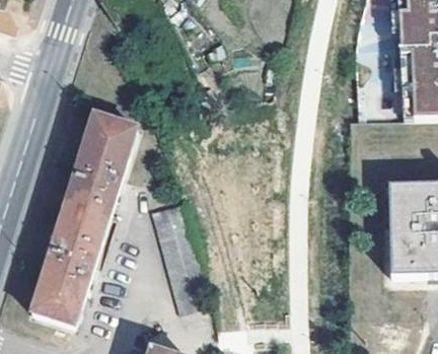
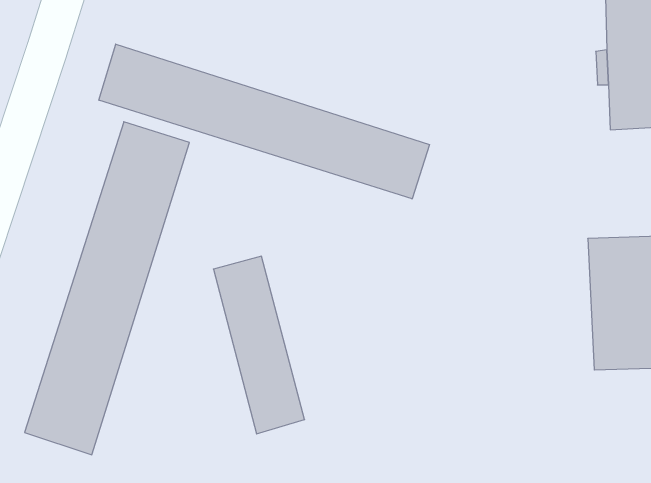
building: none -> [99,44,429,199]

